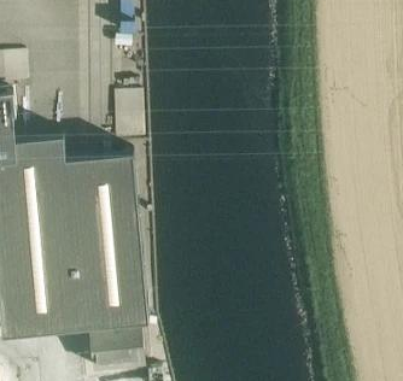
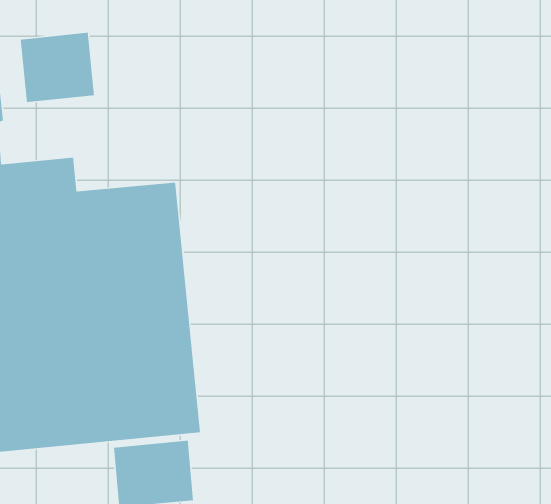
building: none -> [20,32,95,103]

